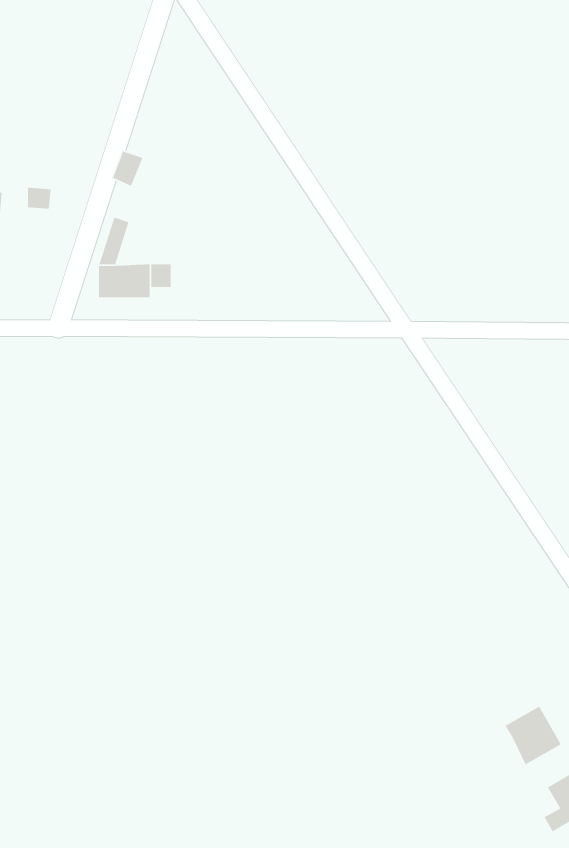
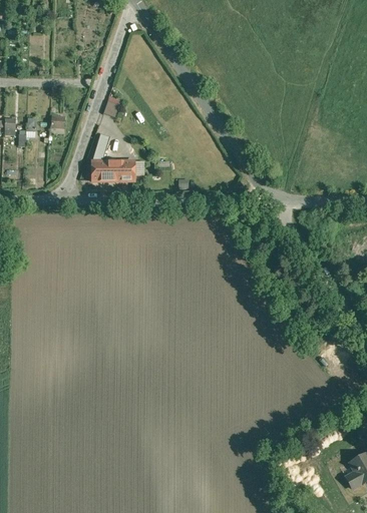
building: [505,705,562,765] -> none

